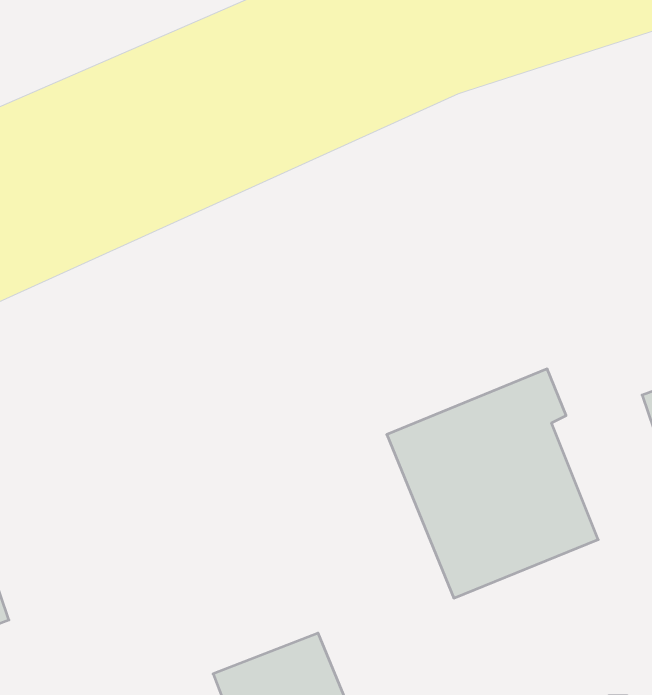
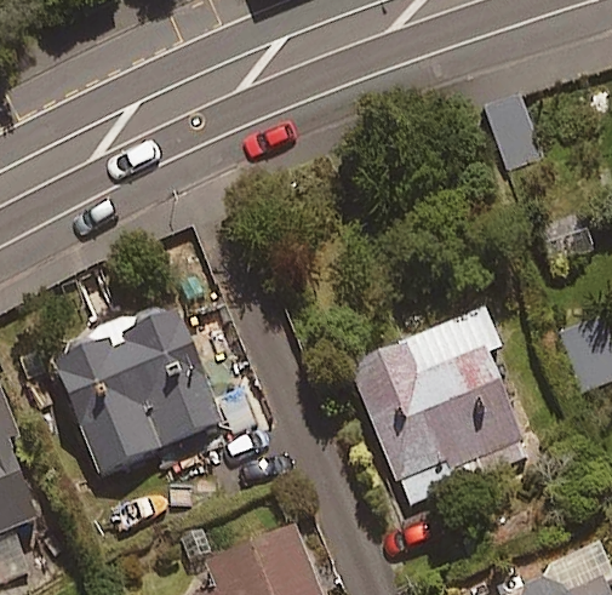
building: none -> [57,315,221,470]

